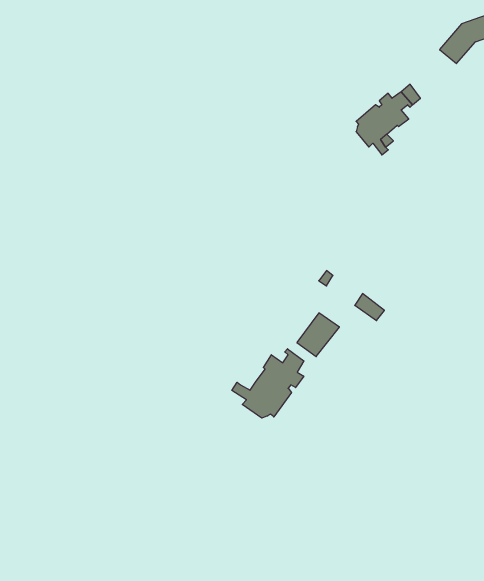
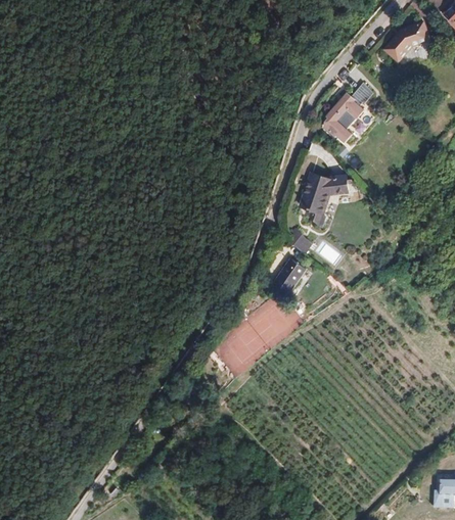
building: none -> [301,174,350,227]
building: [232,349,304,418] -> none

